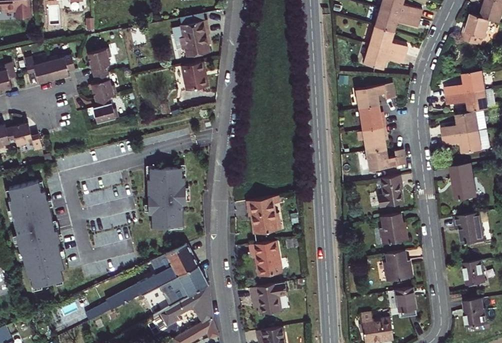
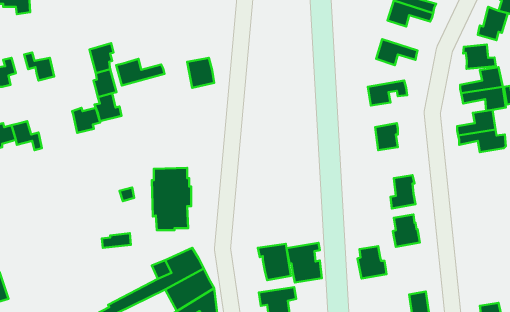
building: [180,20,210,58] -> none
building: [369,26,406,55] -> none
building: none -> [463,44,496,69]
building: [48,56,75,80] -> [72,108,100,133]
building: none -> [116,59,164,85]
building: [358,105,383,129] -> none
building: [365,148,404,170] -> none
building: [450,164,475,200] -> none
building: [8,181,63,286] -> none
building: [246,196,280,234] -> [286,243,322,282]
building: [453,213,484,244] -> none
building: [383,250,411,281] -> [357,246,386,278]
building: [463,260,484,286] -> none

